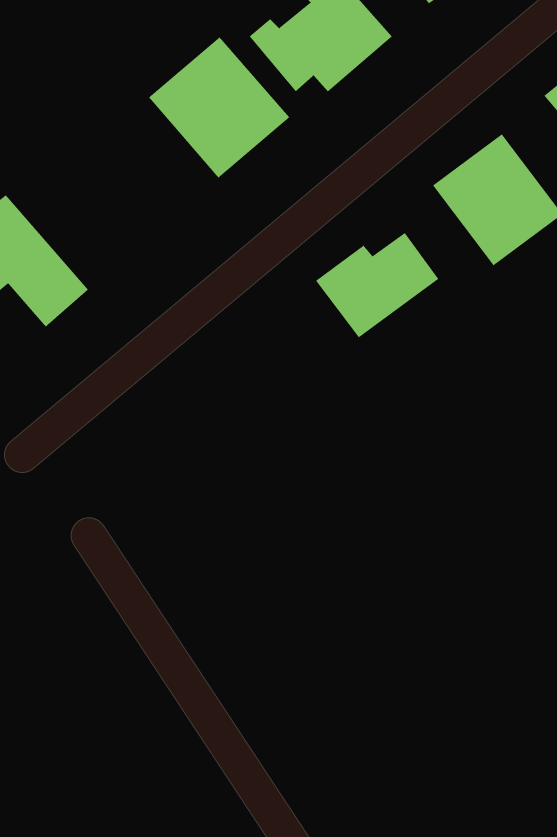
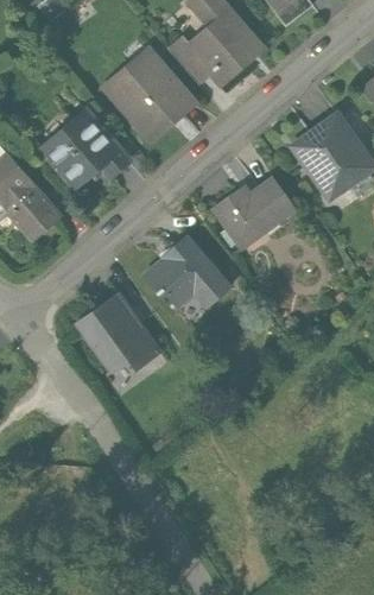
building: none -> [38,107,131,188]
building: none -> [144,236,232,310]
building: none -> [75,293,159,373]

